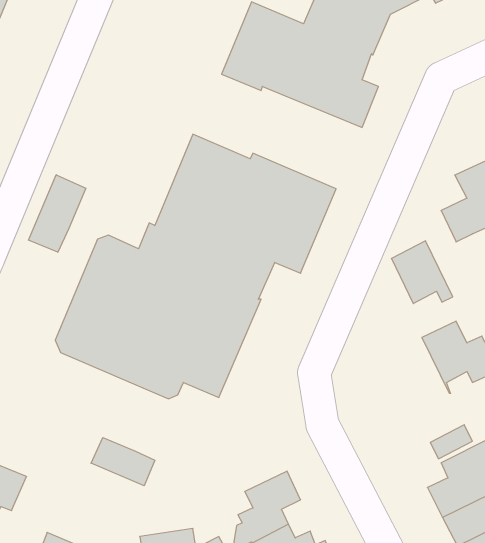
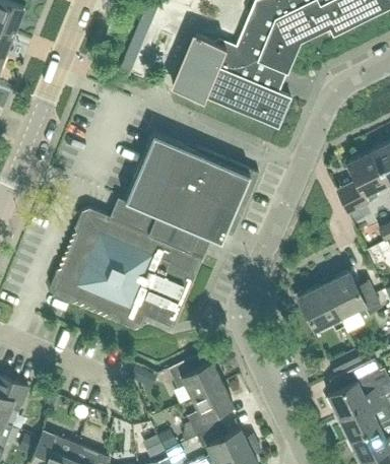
building: [28,175,86,252] -> none
building: [391,241,453,304] -> [298,284,343,331]
building: none -> [168,357,222,399]
building: [91,438,155,486] -> none

